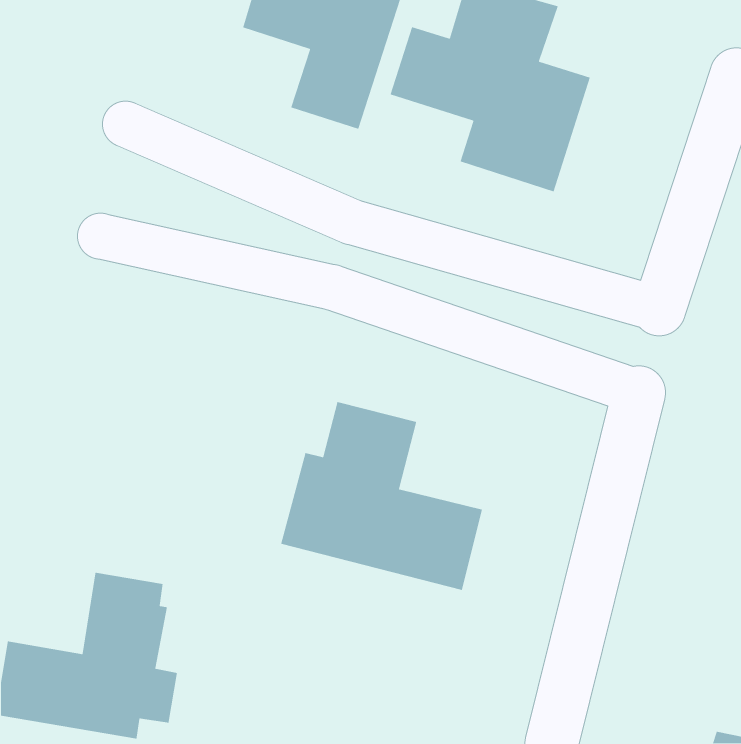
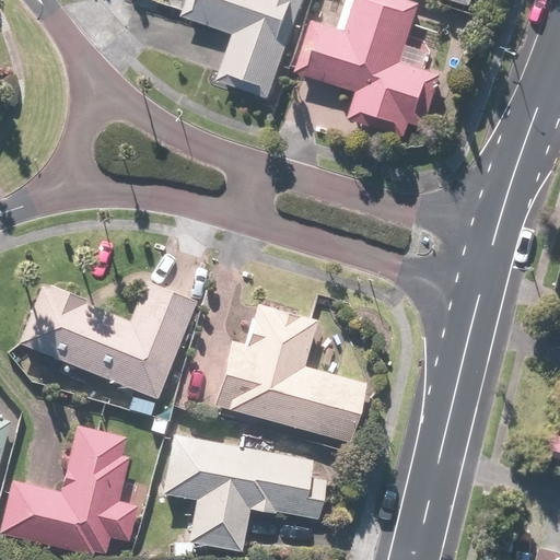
building: none -> [18,282,197,398]
building: none -> [160,435,324,551]

